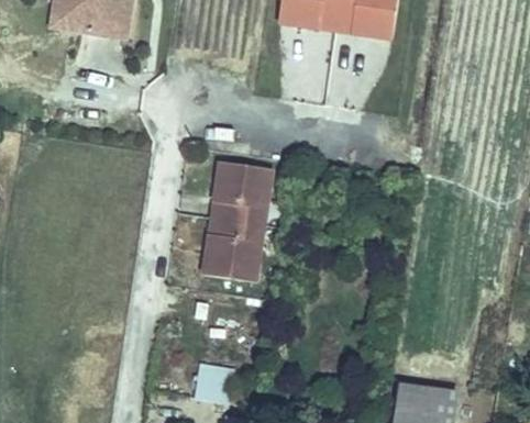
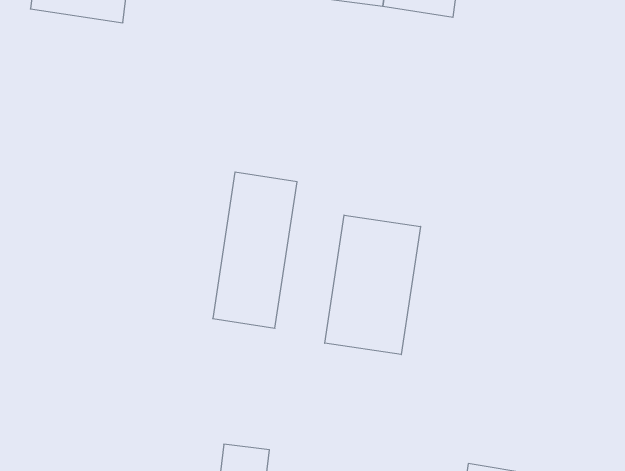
building: none -> [325,215,421,355]

